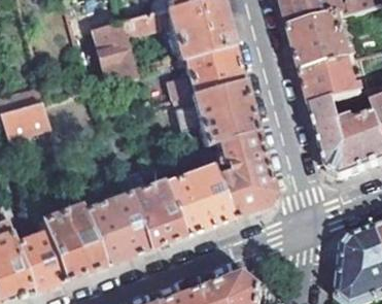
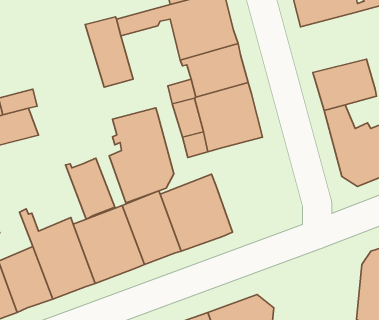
building: [289,14,356,70] -> none
building: [211,130,271,217] -> [109,108,174,203]
building: none -> [65,158,115,219]

